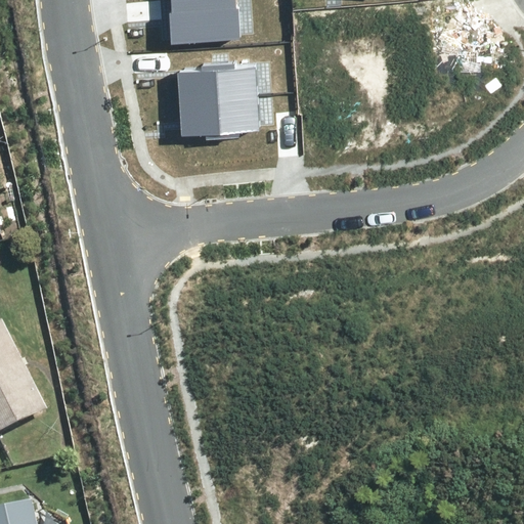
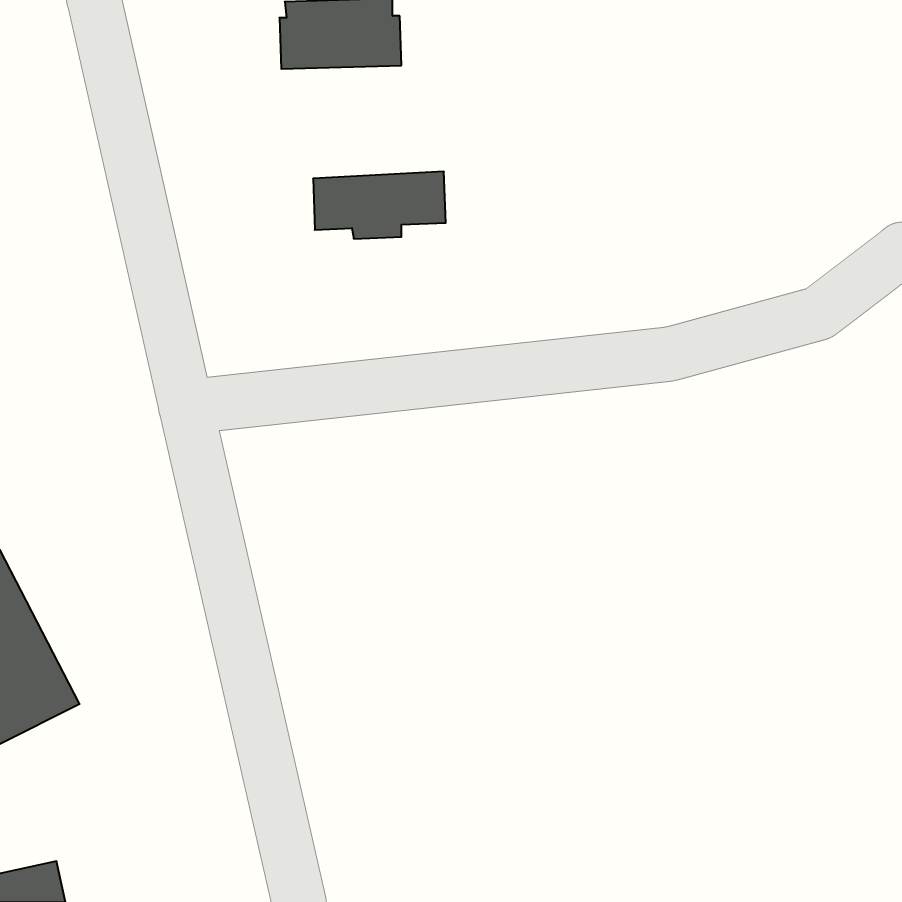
building: [179,64,257,103] -> none

